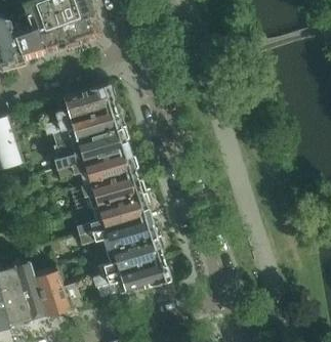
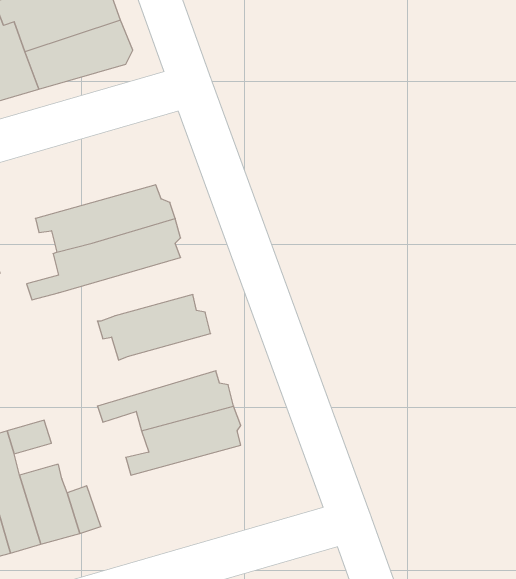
building: [43,86,114,129] -> none
building: [56,152,136,188] -> none
building: [76,196,149,238] -> none
building: [92,260,172,297] -> none

